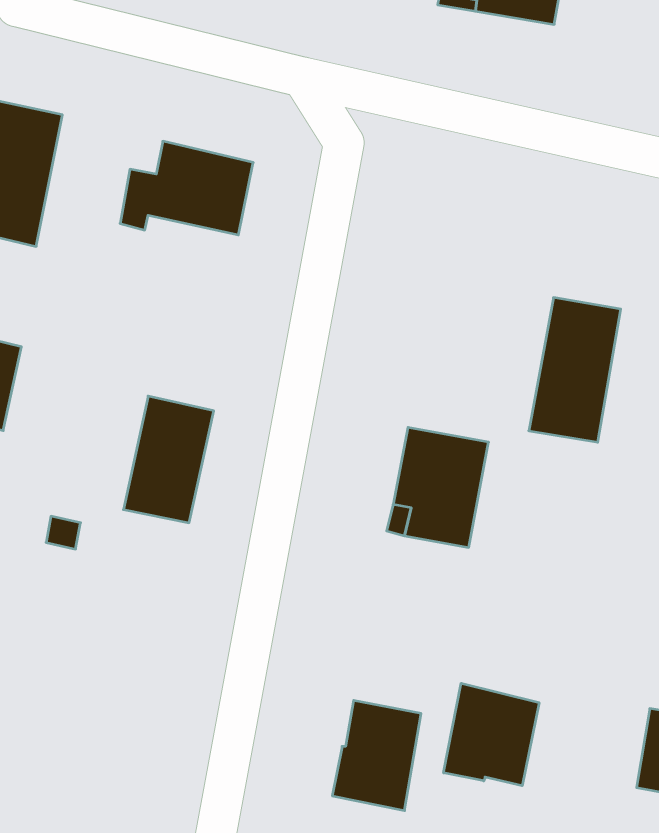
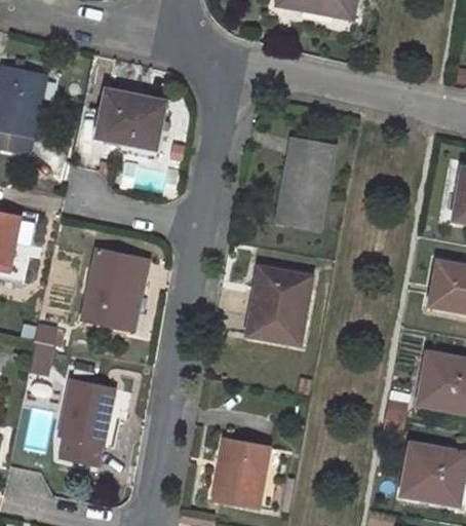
building: [529,298,621,442] -> [277,140,335,230]
building: none -> [59,381,114,465]
building: [444,683,539,786] -> none

